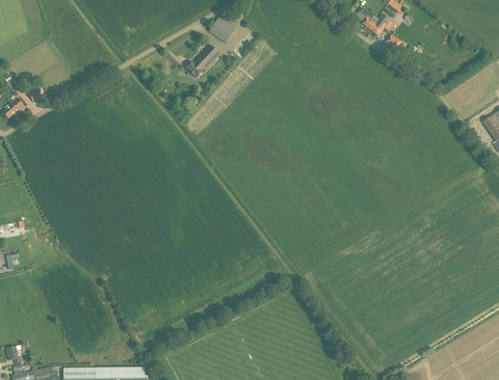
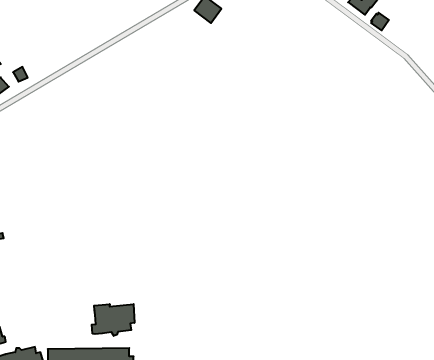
building: [186,44,219,77] -> none
building: none -> [92,304,134,336]

